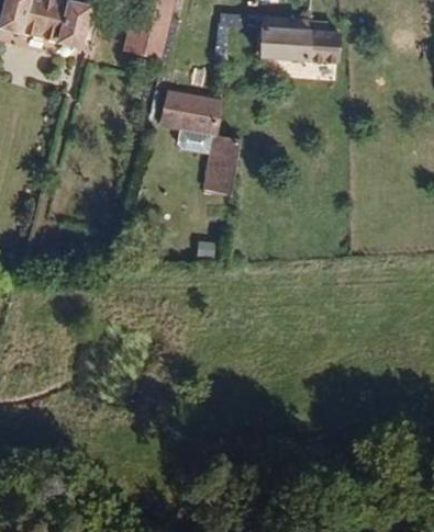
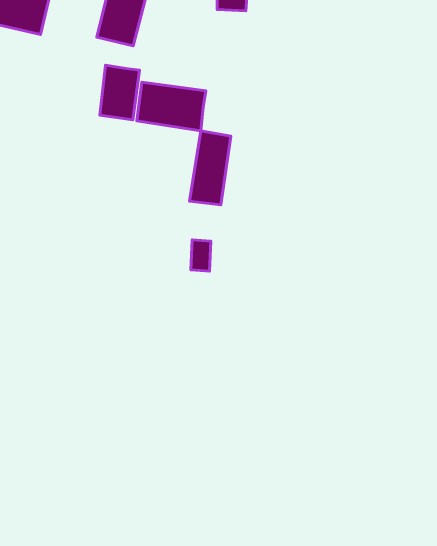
building: [257,26,338,60] -> none
building: none -> [100,65,140,120]

